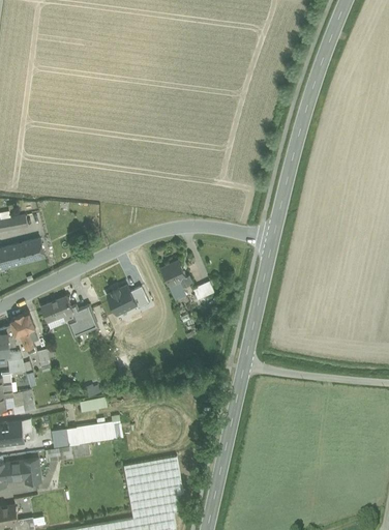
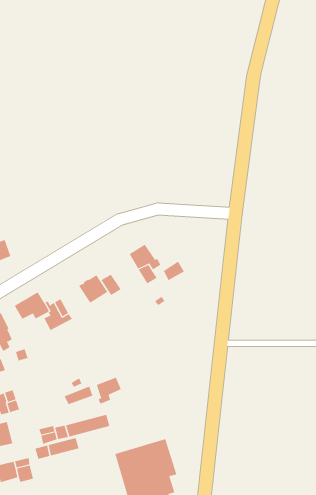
building: none -> [96,377,122,404]

